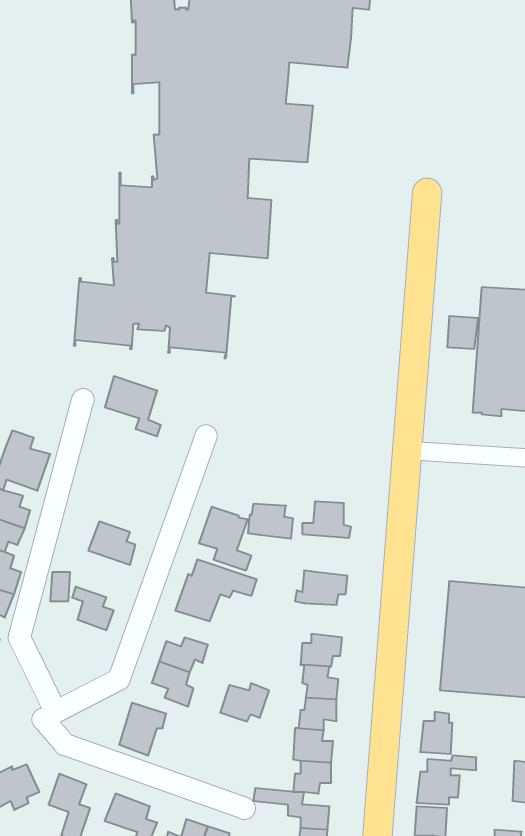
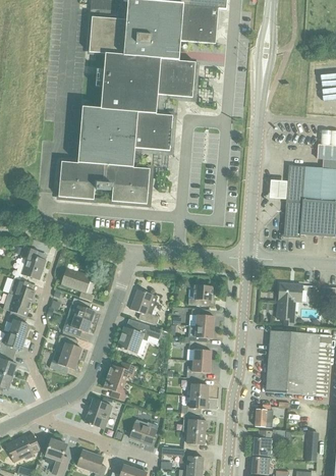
building: [105,376,161,436] -> [61,267,93,301]
building: none -> [276,282,301,325]
building: [248,504,293,538] -> [188,308,214,327]
building: none -> [61,313,91,336]
building: none -> [186,342,211,362]
building: none -> [49,351,77,373]
building: [220,683,269,721] -> [129,421,157,442]

